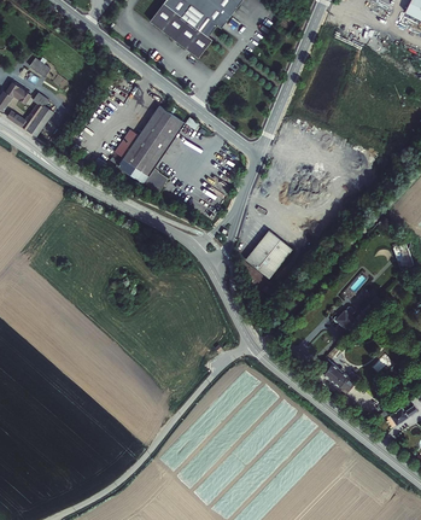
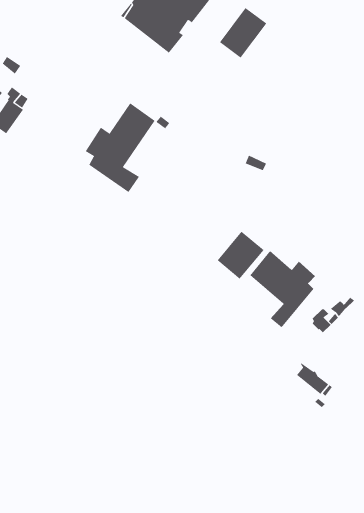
building: none -> [219,7,267,59]
building: none -> [249,250,316,328]

